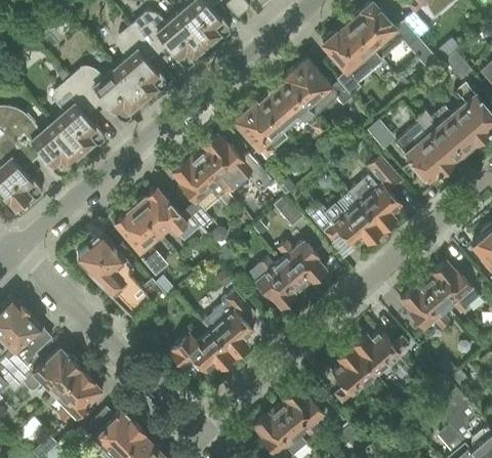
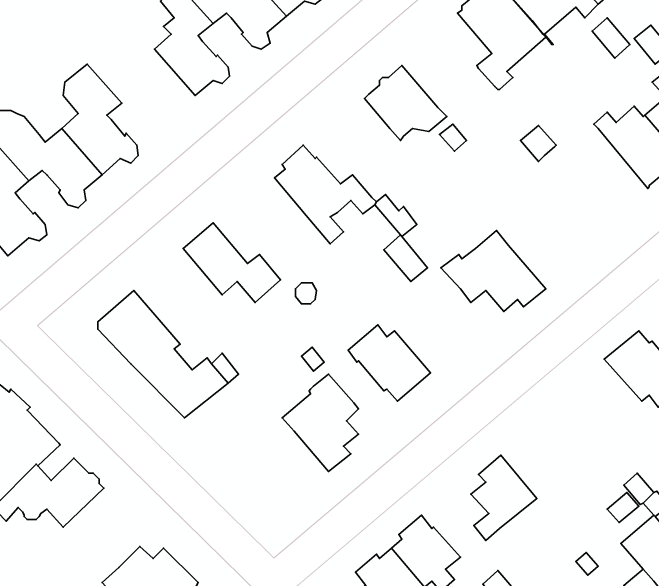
building: [284,57,352,109] -> none
building: [70,68,144,123] -> none
building: [234,100,290,160] -> none
building: [396,123,453,182] -> none
building: [350,155,407,233] -> none
building: [172,157,236,226] -> none
building: [114,205,162,258] -> none
building: [278,241,327,290] -> none
building: [401,281,451,331] -> none
building: [169,330,235,374] -> none
building: [353,332,410,376] -> none
building: [53,369,102,426] -> none

